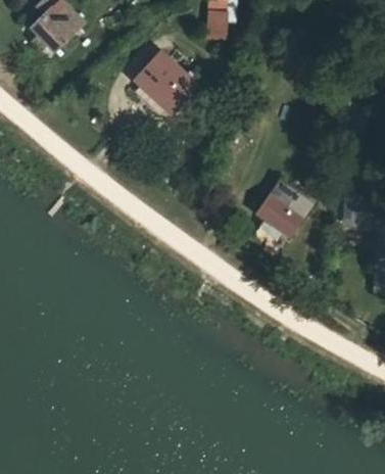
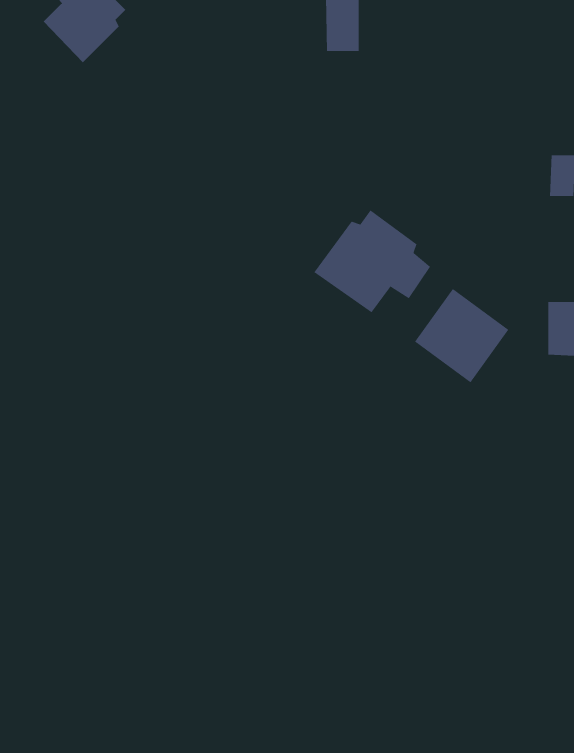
building: [129,49,199,118] -> none
building: none -> [314,210,431,313]

